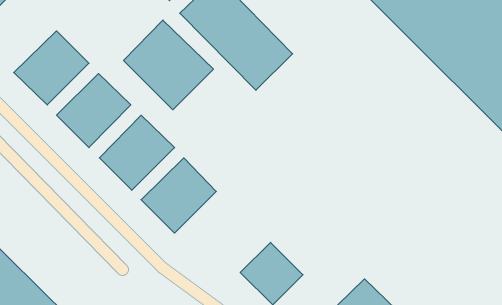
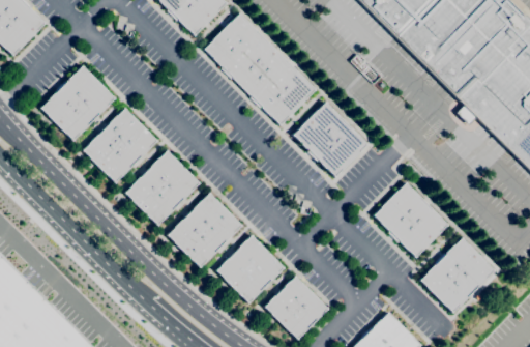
building: [124,20,213,110] -> none
building: none -> [293,102,367,176]
building: none -> [374,183,447,257]
building: none -> [216,235,284,302]
building: none -> [420,238,494,312]

